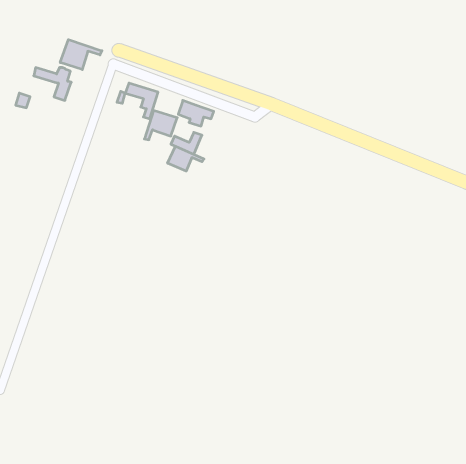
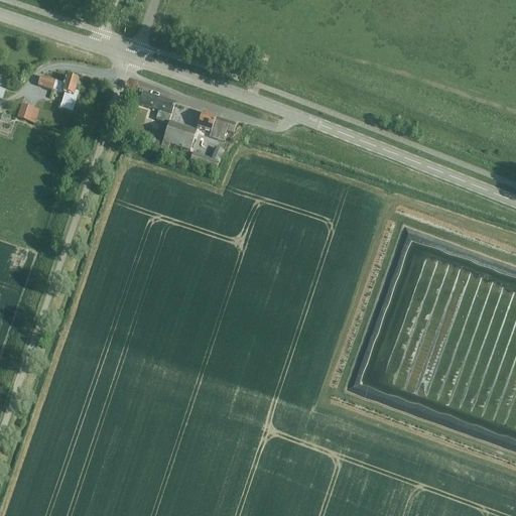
building: [60,40,102,70] -> none
building: [168,146,204,171] -> none

